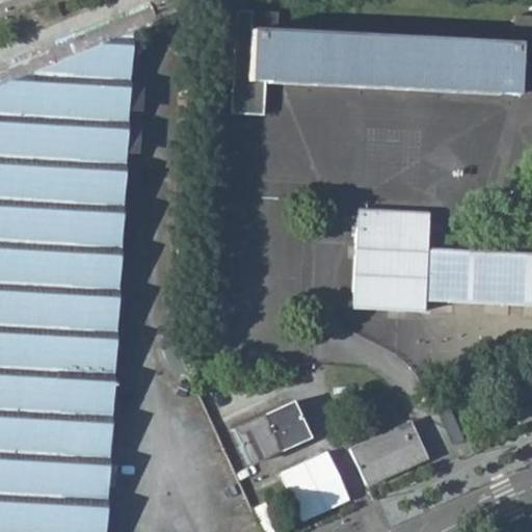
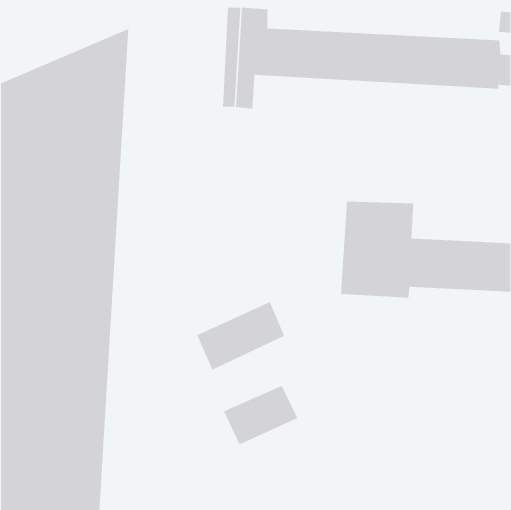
building: none -> [196,301,285,370]
building: [350,421,428,485] -> none
building: [280,449,349,520] -> none

